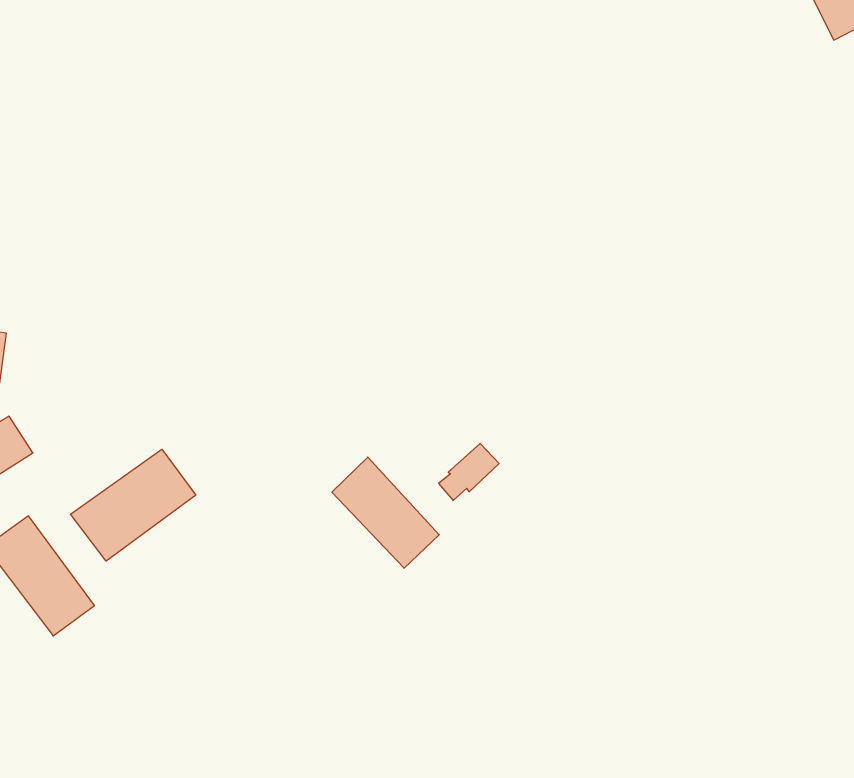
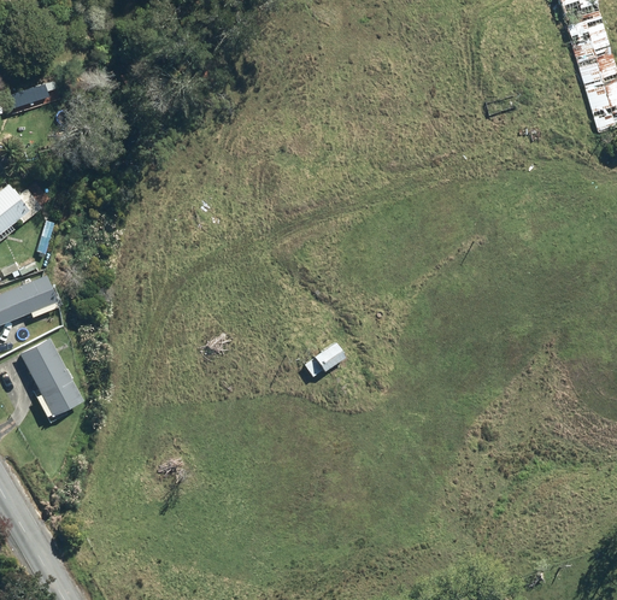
building: [71,449,196,561] -> none
building: [332,457,439,568] -> none

